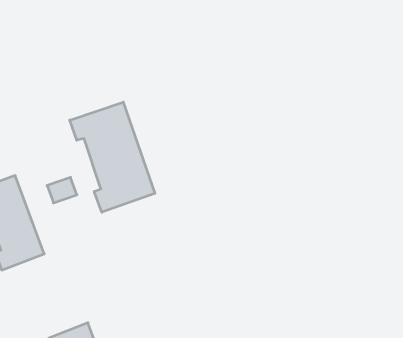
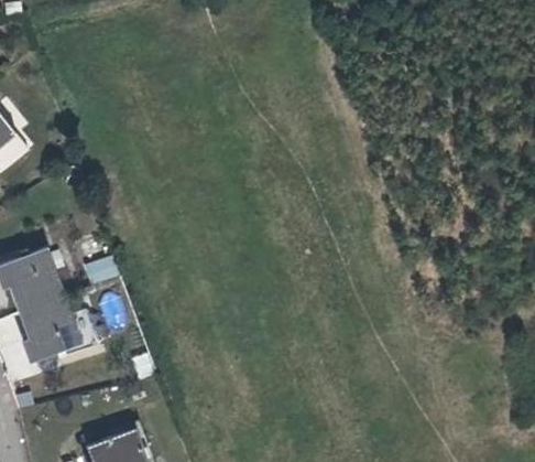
building: [70,102,155,212] -> none

